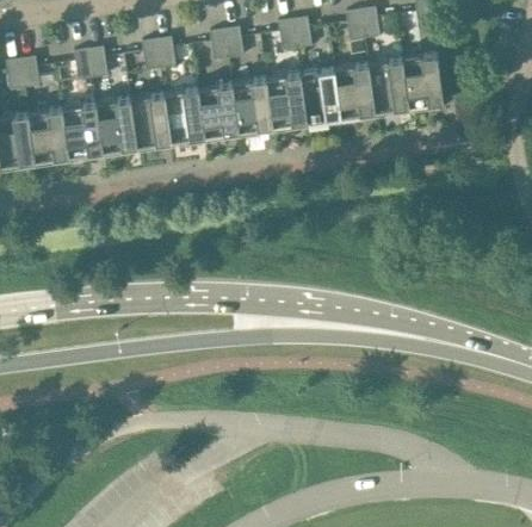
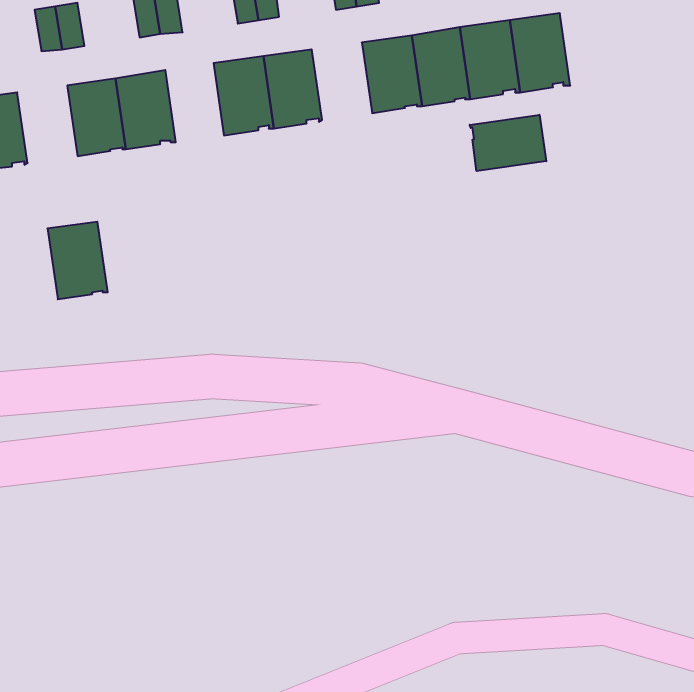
building: [266,73,308,126] -> none
building: [165,87,205,142] -> none
building: [62,103,104,156] -> [47,222,108,299]
building: none -> [470,115,546,171]

